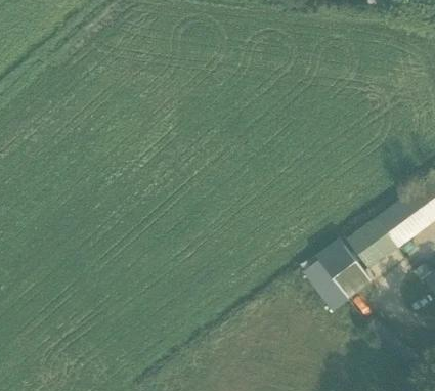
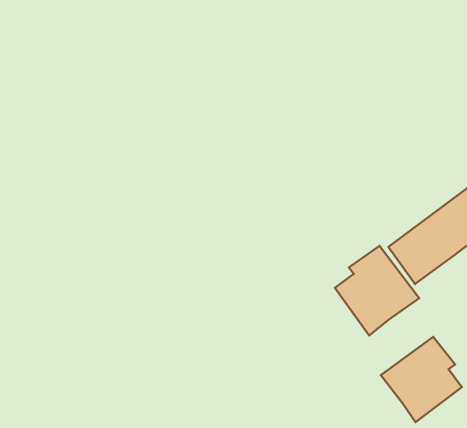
building: none -> [381,337,462,422]

